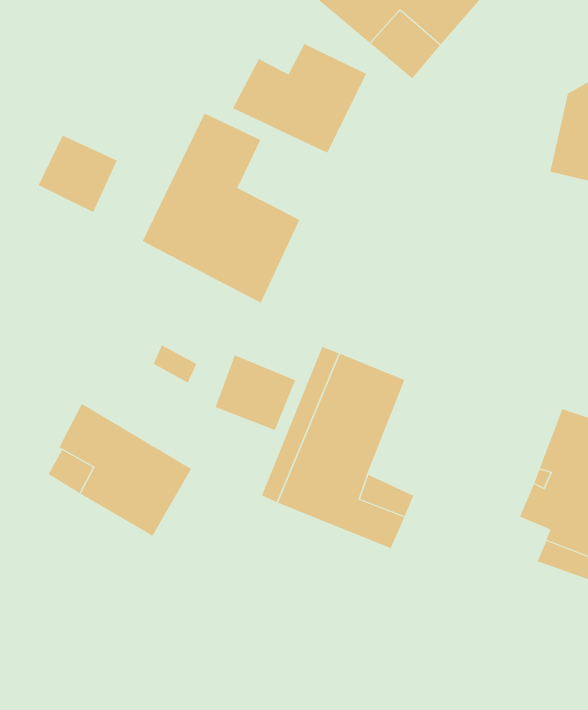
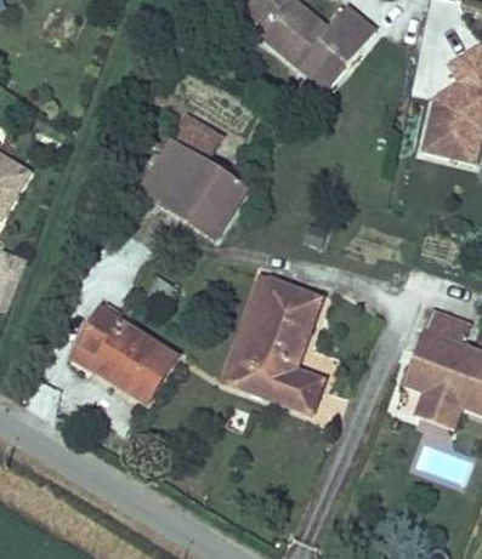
building: [232,43,367,154] -> none
building: [38,135,117,213] -> none
building: [215,355,296,431] -> none

